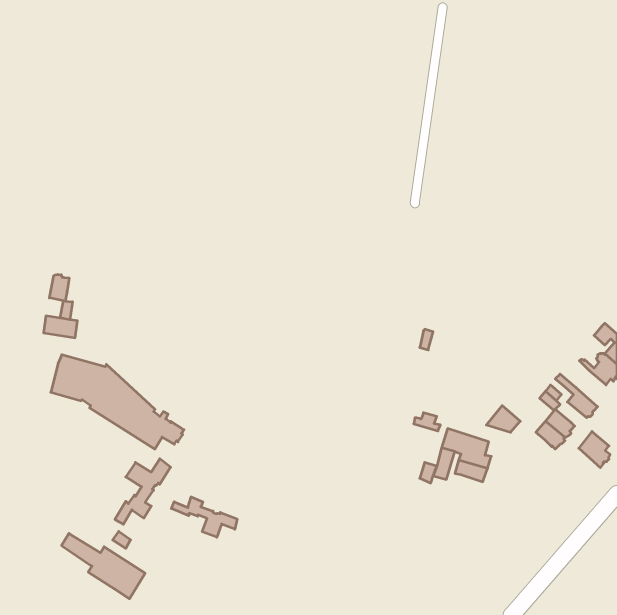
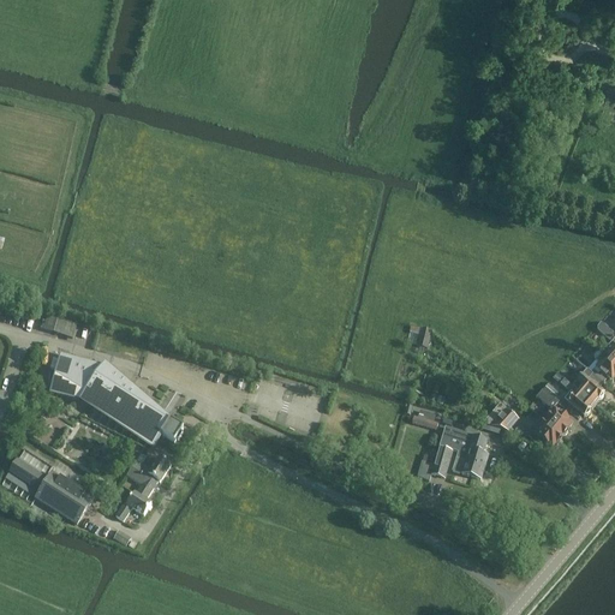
building: [49,274,72,320] -> none
building: [579,431,610,468] -> [572,368,603,404]
building: [171,497,237,537] -> none
building: [62,533,145,599] -> [8,458,91,523]

